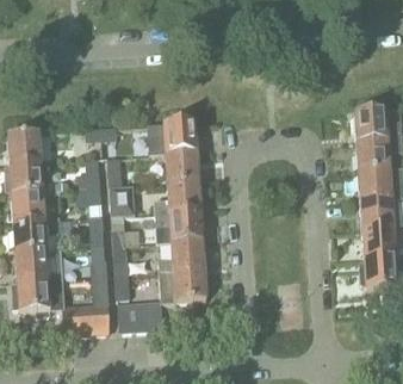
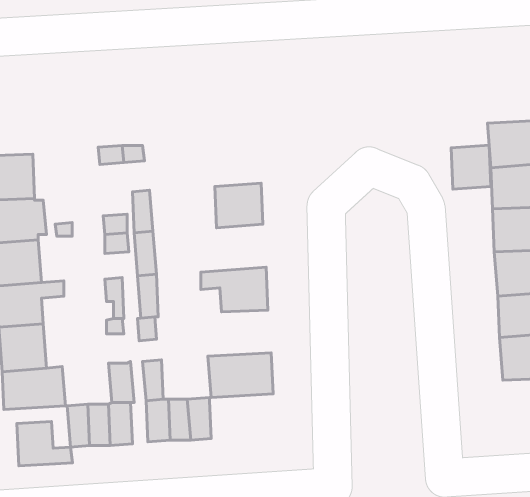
building: [149,119,197,154] -> none
building: none -> [451,145,491,189]
building: [154,179,200,212] -> none
building: [159,239,204,271] -> none
building: none -> [17,422,72,466]

